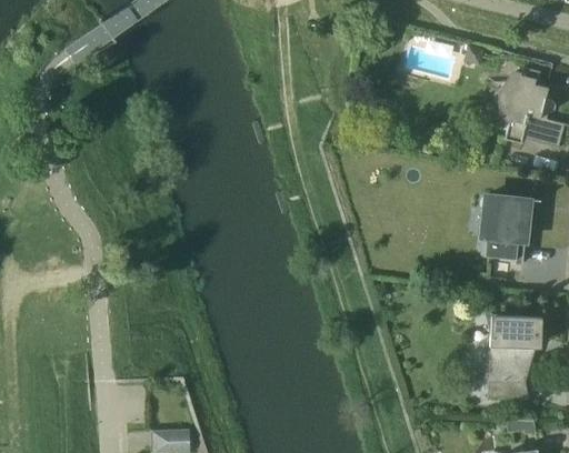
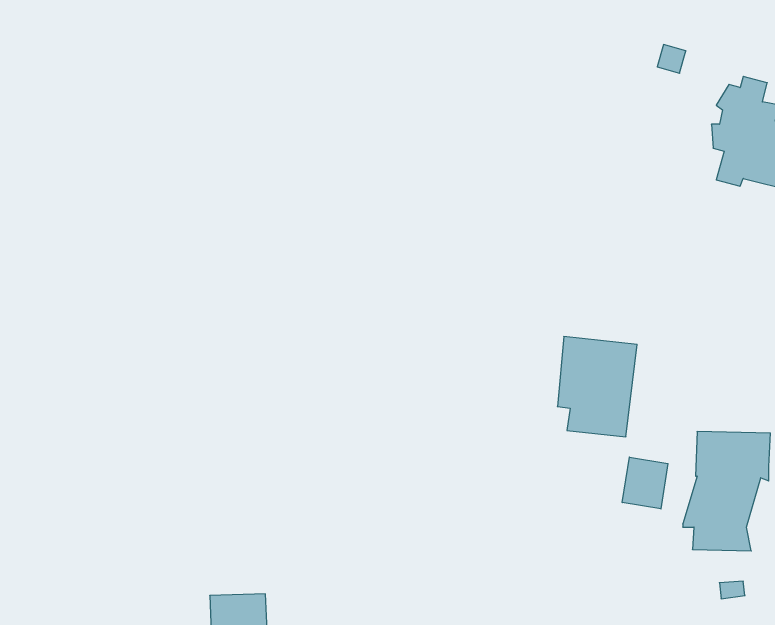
building: [472,190,528,260] -> [557,337,637,437]
building: none -> [622,457,668,509]

